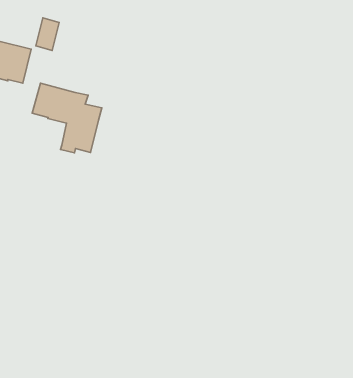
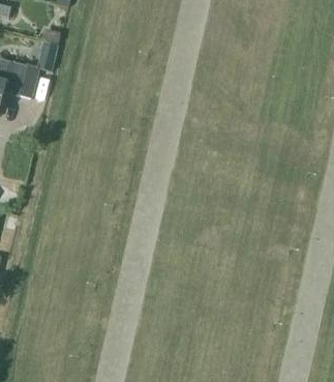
building: [32,83,102,153] -> none

